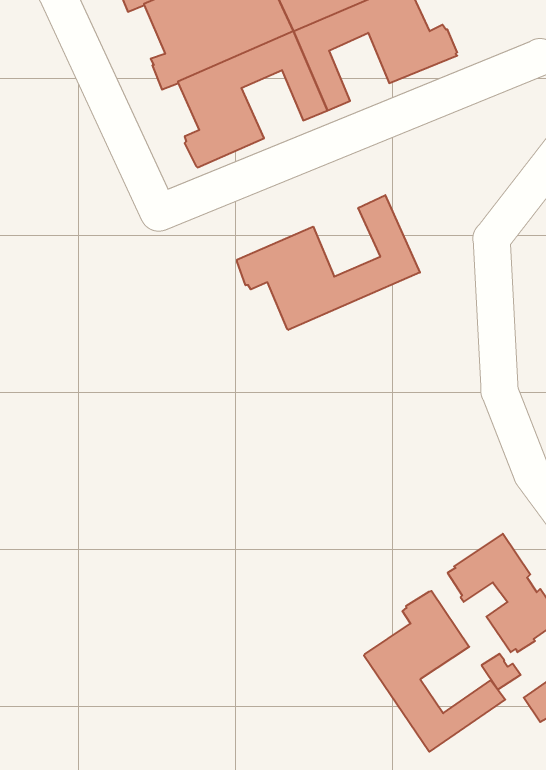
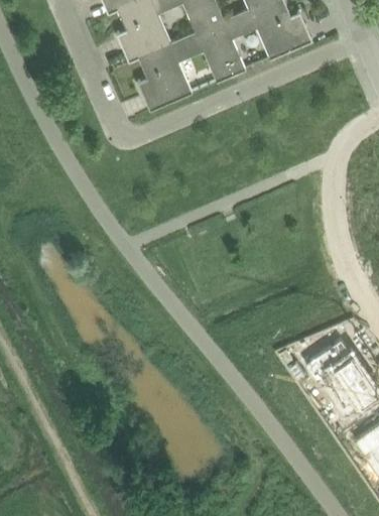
building: [237,195,420,330] -> none
building: [364,591,505,752] -> none

